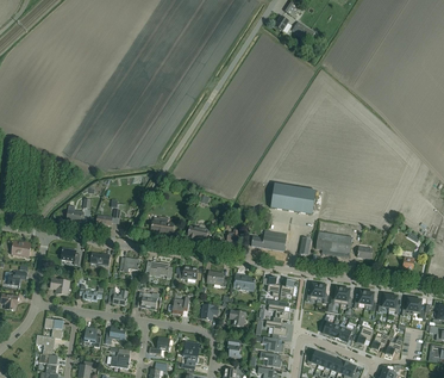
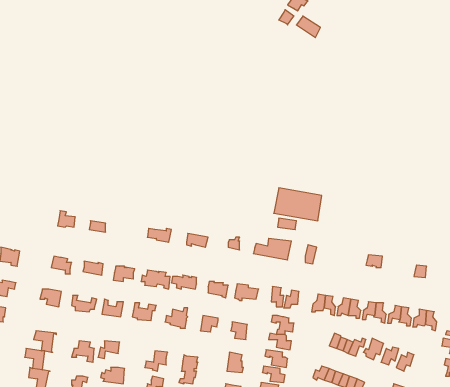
building: [315,231,352,258] -> none

